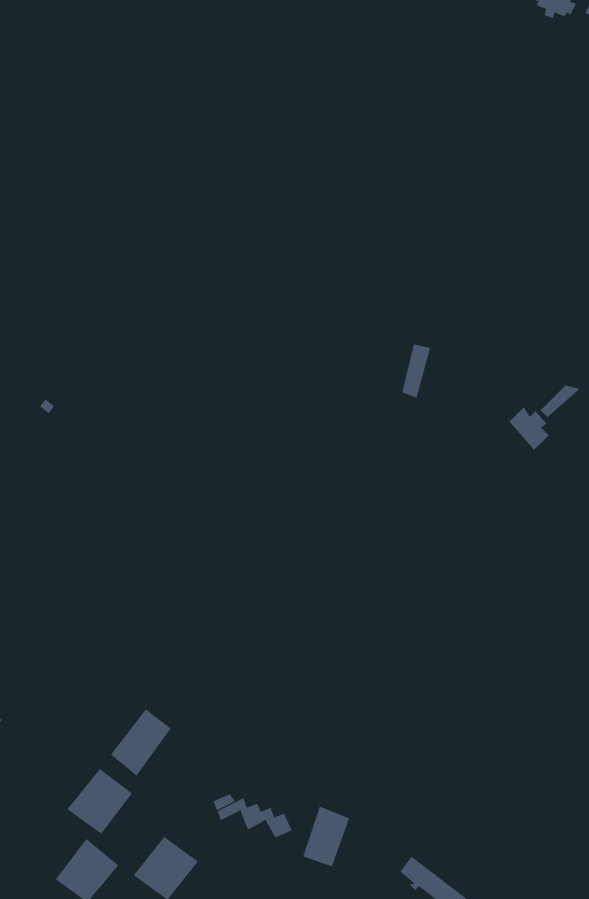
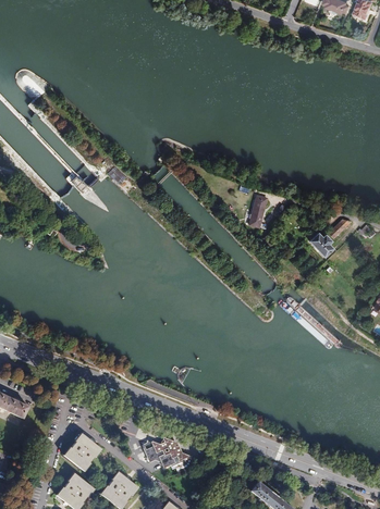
building: [110,708,172,776] -> none
building: [302,806,350,867] -> none

